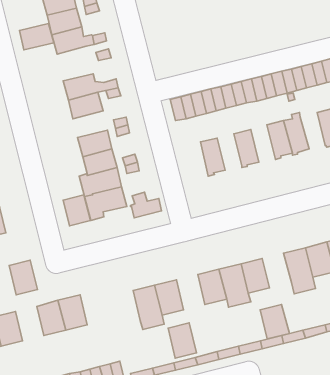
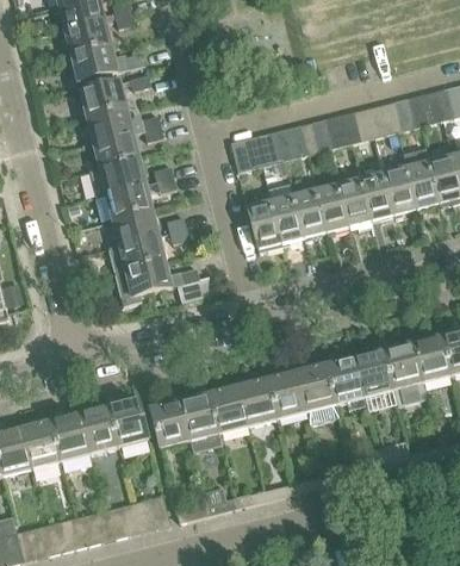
building: [19,23,54,50] -> [81,81,128,117]
building: none -> [406,151,440,211]
building: none -> [89,157,147,197]
building: none -> [337,169,373,229]
building: none -> [294,188,328,240]
building: none -> [248,199,282,251]
building: [63,195,91,226] -> none
building: [9,260,37,295] -> [23,421,61,467]
building: none -> [110,398,149,446]
building: none -> [151,399,191,447]
building: [260,304,289,339] -> [355,349,394,396]
building: [168,323,196,358] -> [240,378,278,425]

